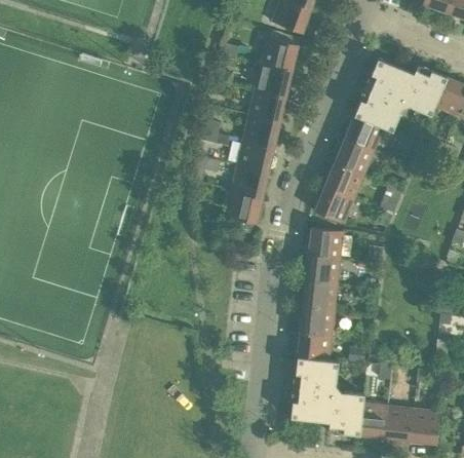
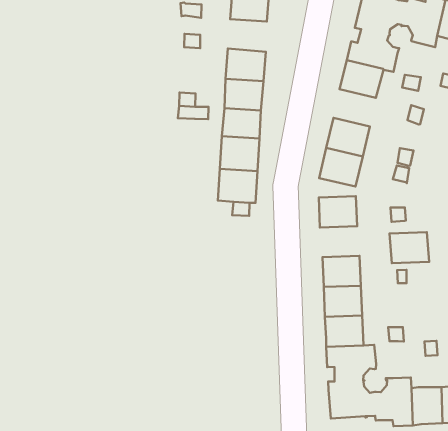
building: [255,65,292,98] -> none
building: [335,140,374,176] -> none
building: [306,255,340,284] -> [389,232,429,263]

